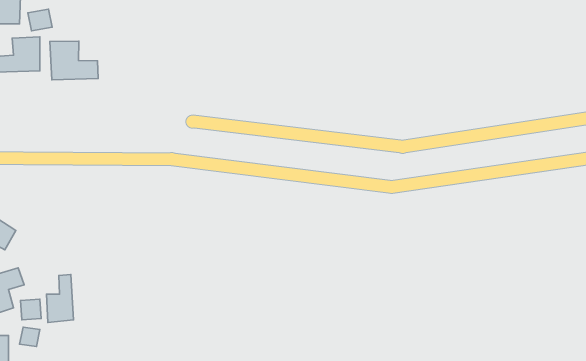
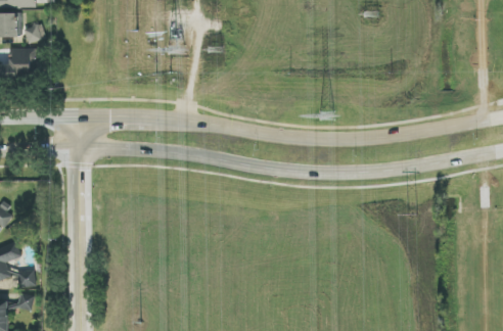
building: [50,41,98,80] -> none
building: [46,274,74,322] -> none

